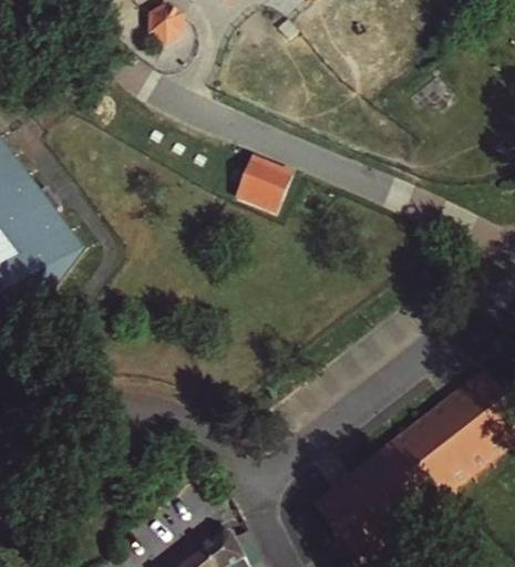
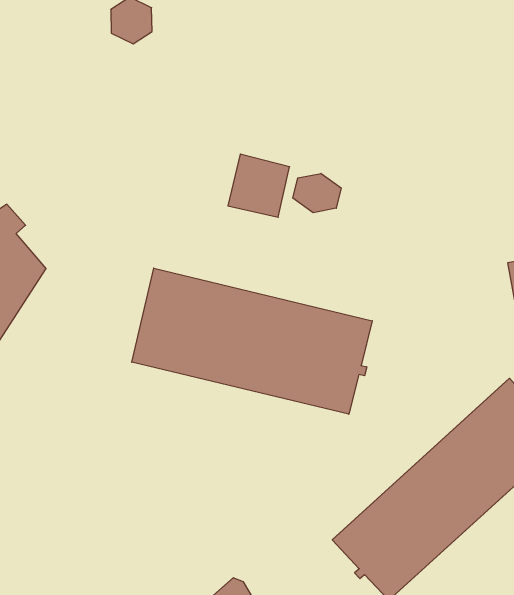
building: none -> [293,173,341,213]
building: none -> [132,268,372,414]

